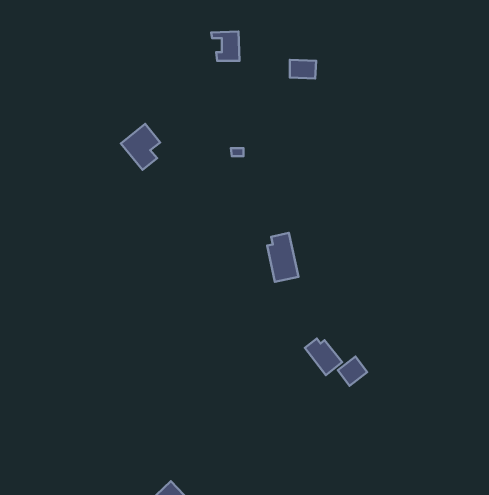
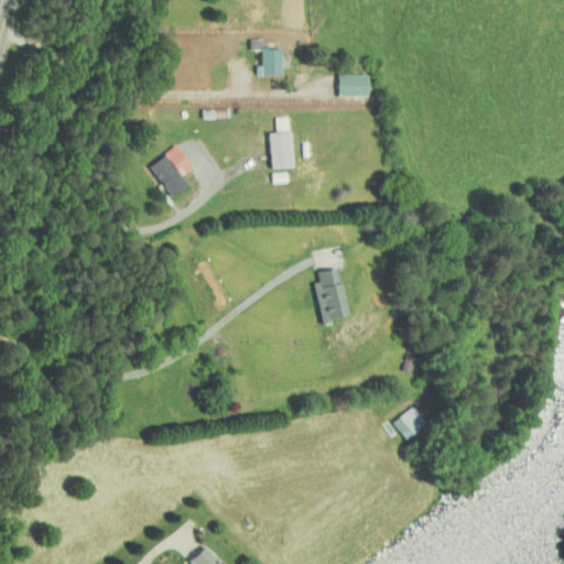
building: none -> [270,117,293,170]
building: [305,338,342,375] -> none

